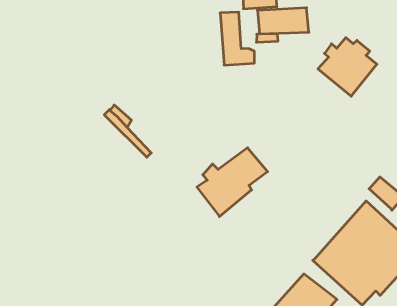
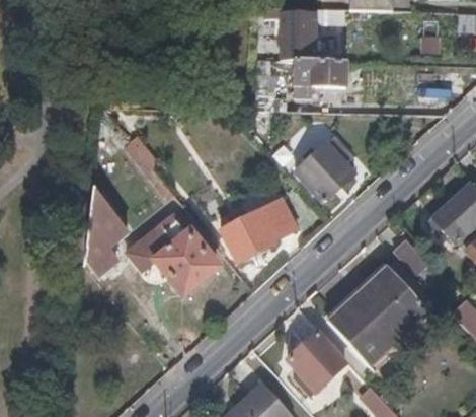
building: [318,38,377,96] -> [297,144,358,205]
building: none -> [85,192,126,276]
building: none -> [128,215,218,295]

